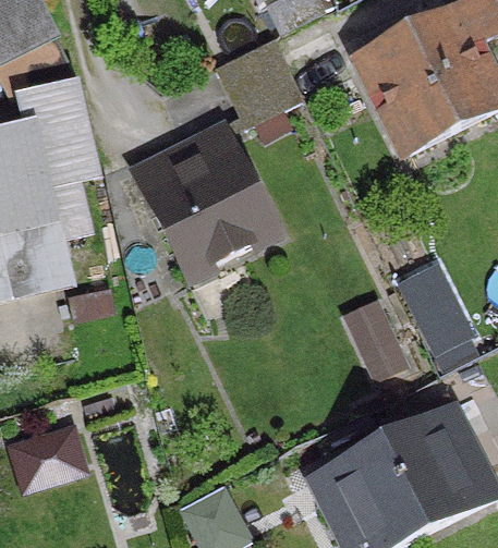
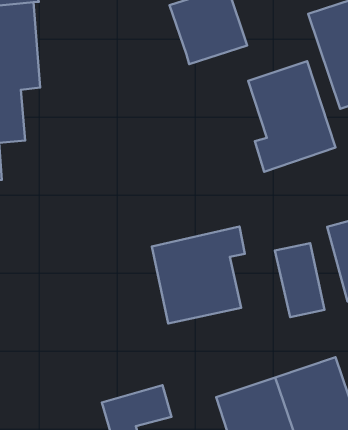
building: none -> [248,61,335,172]
building: [129,126,270,277] -> none
building: none -> [152,226,245,323]

